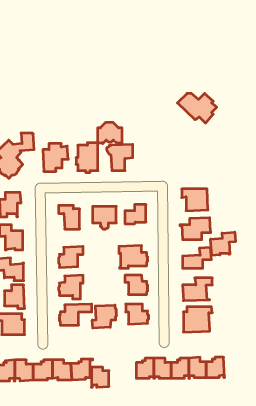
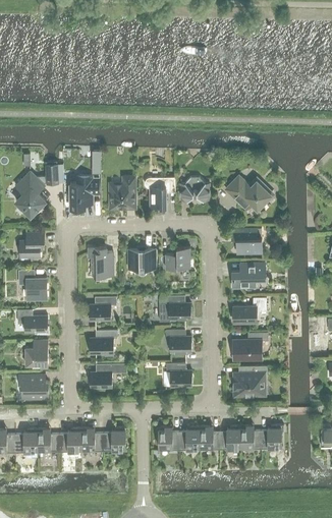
building: [177,93,217,123] -> [224,178,270,213]
building: [98,123,122,144] -> [180,177,209,202]
building: [211,232,235,255] -> none
building: [92,305,116,328] -> none
building: [91,367,109,387] -> [158,427,178,451]

